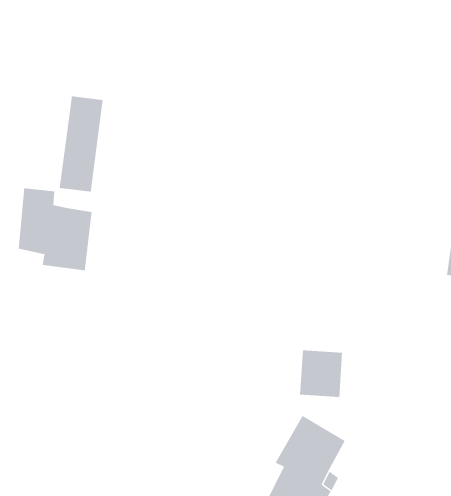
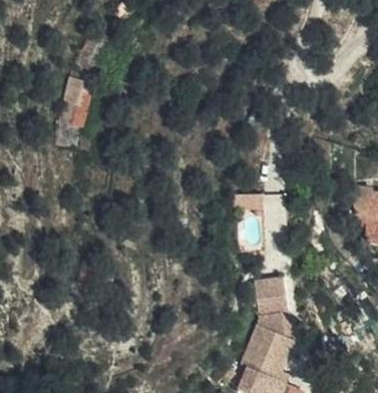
building: [18,188,92,271] -> none

